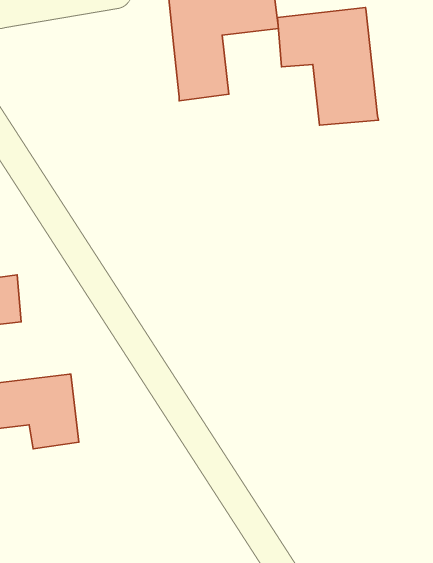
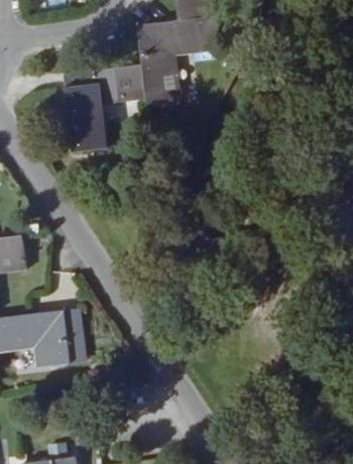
building: [277,7,378,125] -> none
building: none -> [65,65,145,152]

